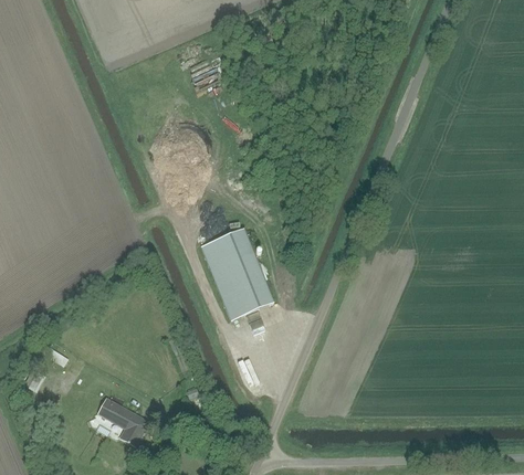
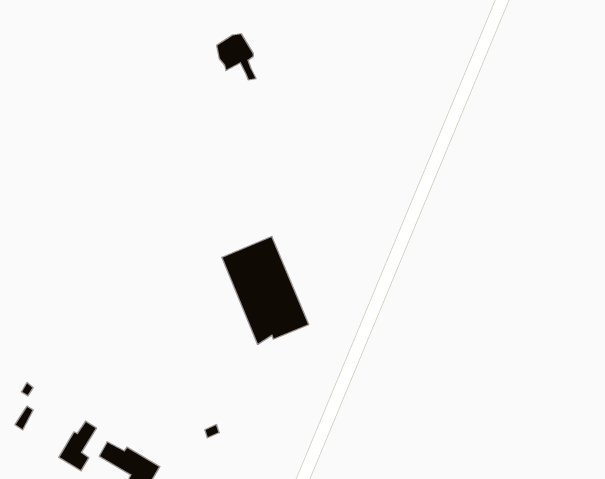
building: none -> [59,421,96,471]

